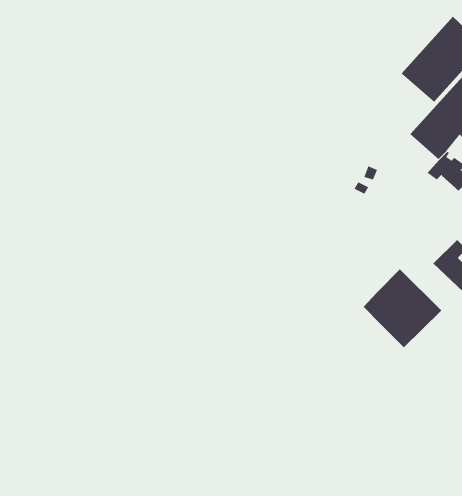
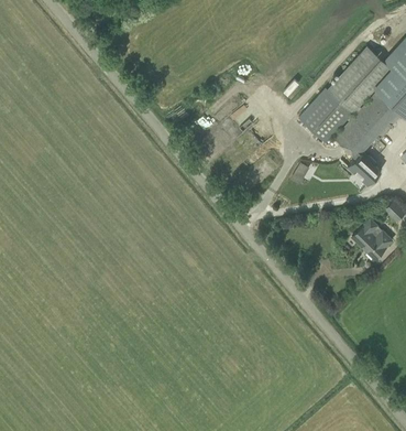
building: none -> [299,89,353,142]
building: [363,268,442,348] -> none

